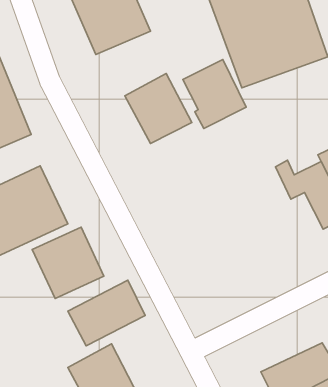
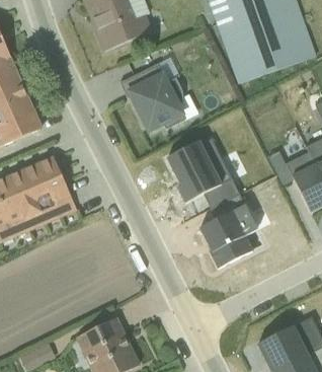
building: [183,59,246,128] -> [165,139,223,202]
building: none -> [198,193,256,268]
building: [32,227,104,299] -> none
building: [68,280,145,346] -> none

